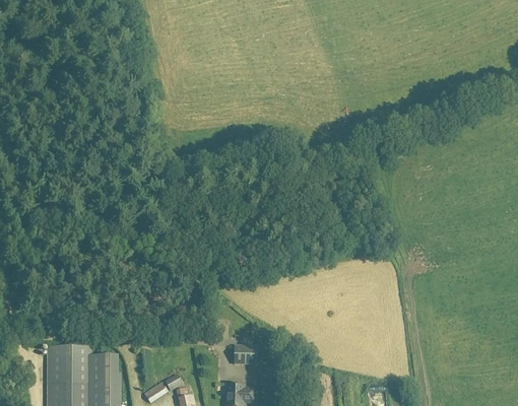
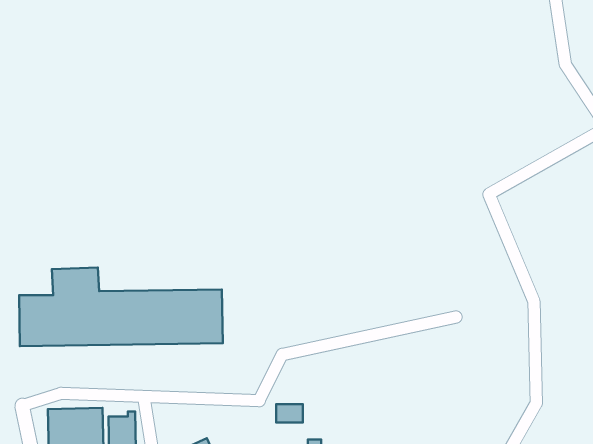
building: none -> [19,268,223,346]

